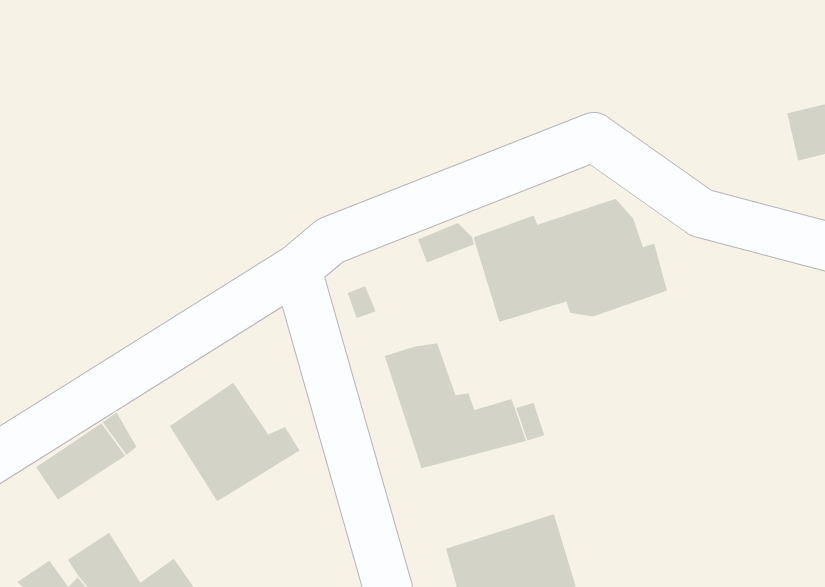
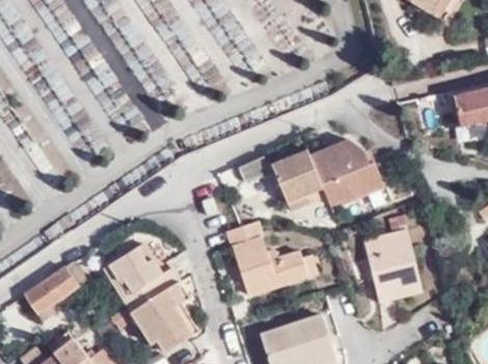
building: none -> [367,235,425,307]
building: none -> [133,284,194,355]

